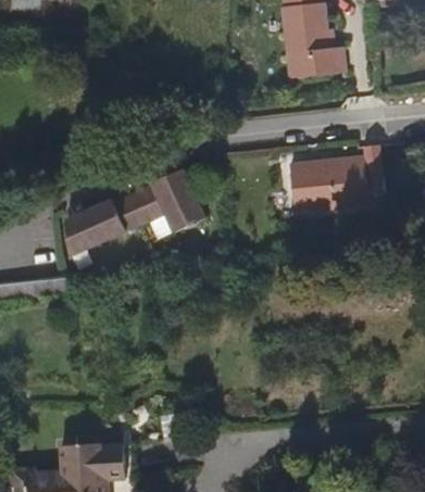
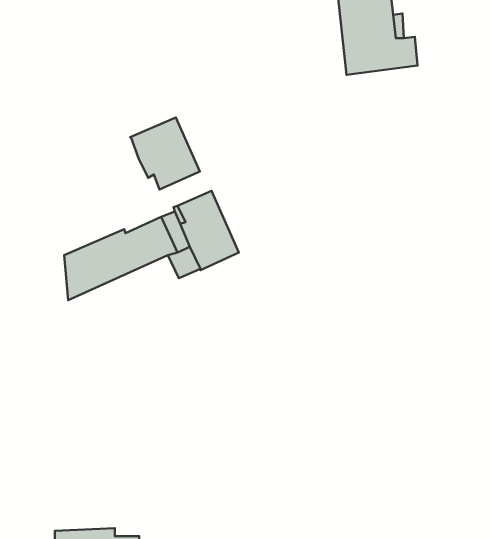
building: none -> [130,117,200,189]
building: [292,155,387,213] -> none

